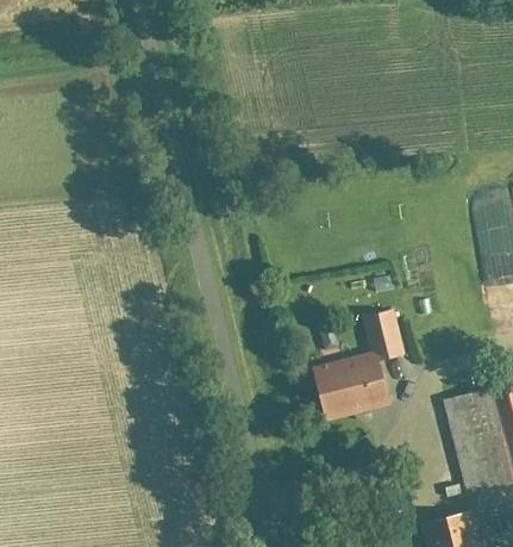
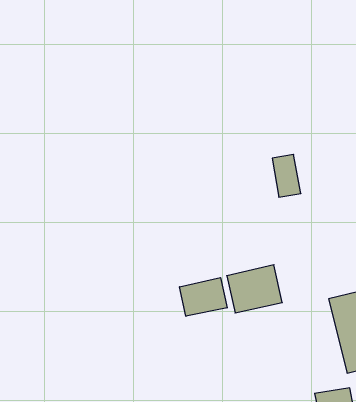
building: [368,305,405,360] -> [272,154,301,197]
building: none -> [180,278,227,316]

